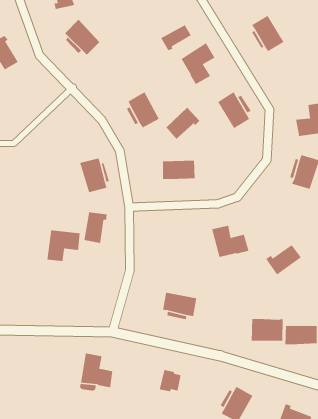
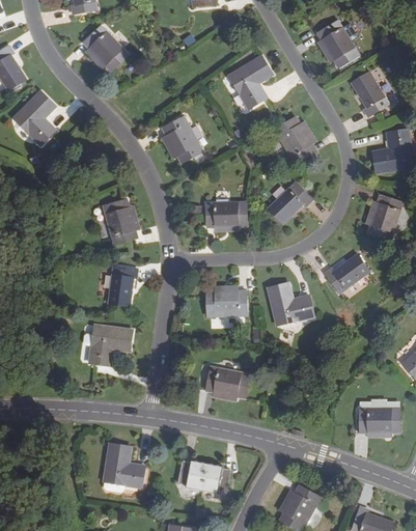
building: [160,24,192,51] -> none
building: none -> [351,73,389,116]
building: none -> [13,91,55,145]
building: [165,107,200,140] -> [268,183,311,224]
building: [46,229,81,262] -> [89,325,132,365]
building: none -> [206,291,247,316]
building: [265,244,302,276] -> [324,254,369,294]
building: [251,318,284,341] -> none
building: none -> [177,460,207,490]

